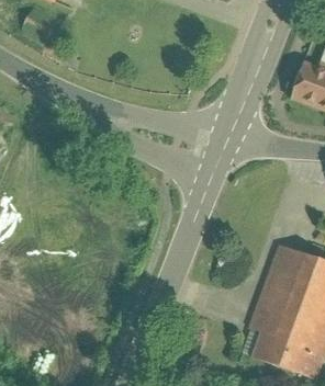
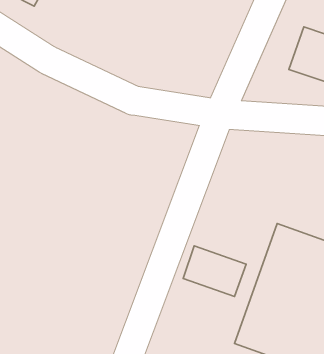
building: none -> [183,246,246,296]

